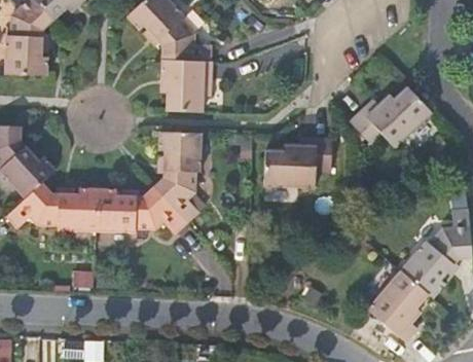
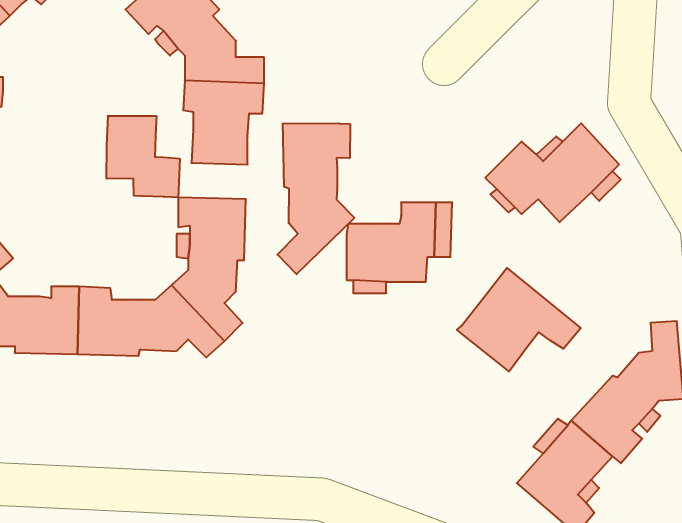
building: none -> [106,116,180,198]
building: none -> [277,123,354,274]
building: none -> [457,268,581,372]

